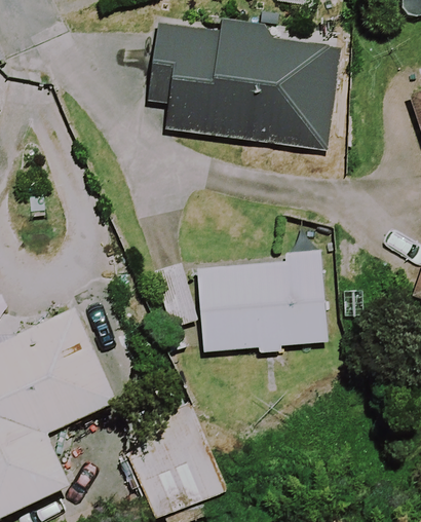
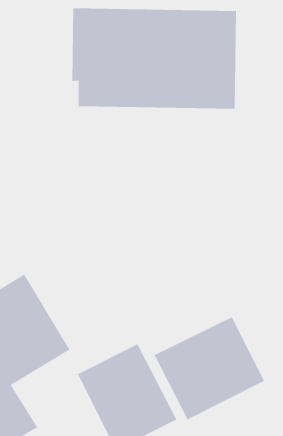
building: [199,251,327,356] -> none
building: none -> [154,316,265,421]

